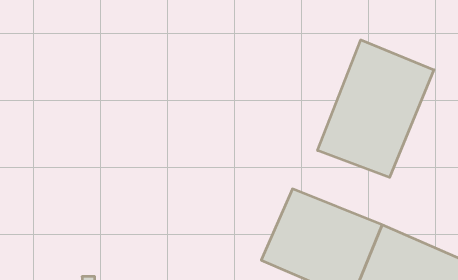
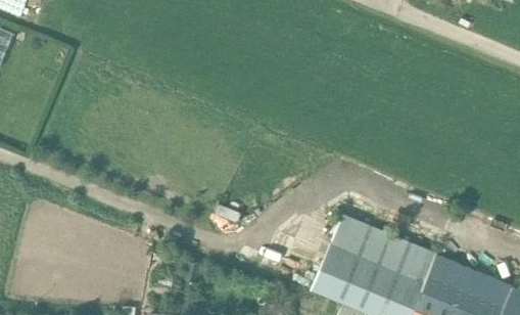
building: [318,40,434,177] -> none

